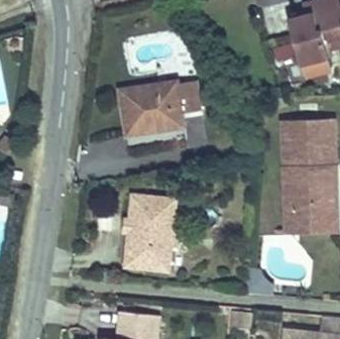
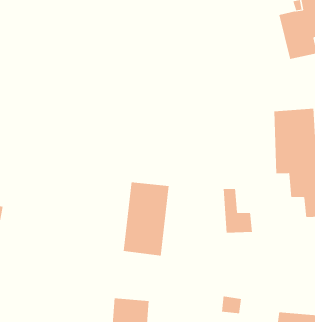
building: [122,83,196,135] -> none
building: [282,184,313,229] -> [223,189,253,233]

